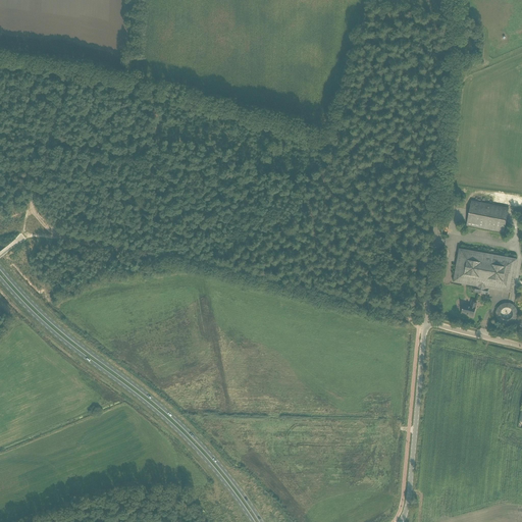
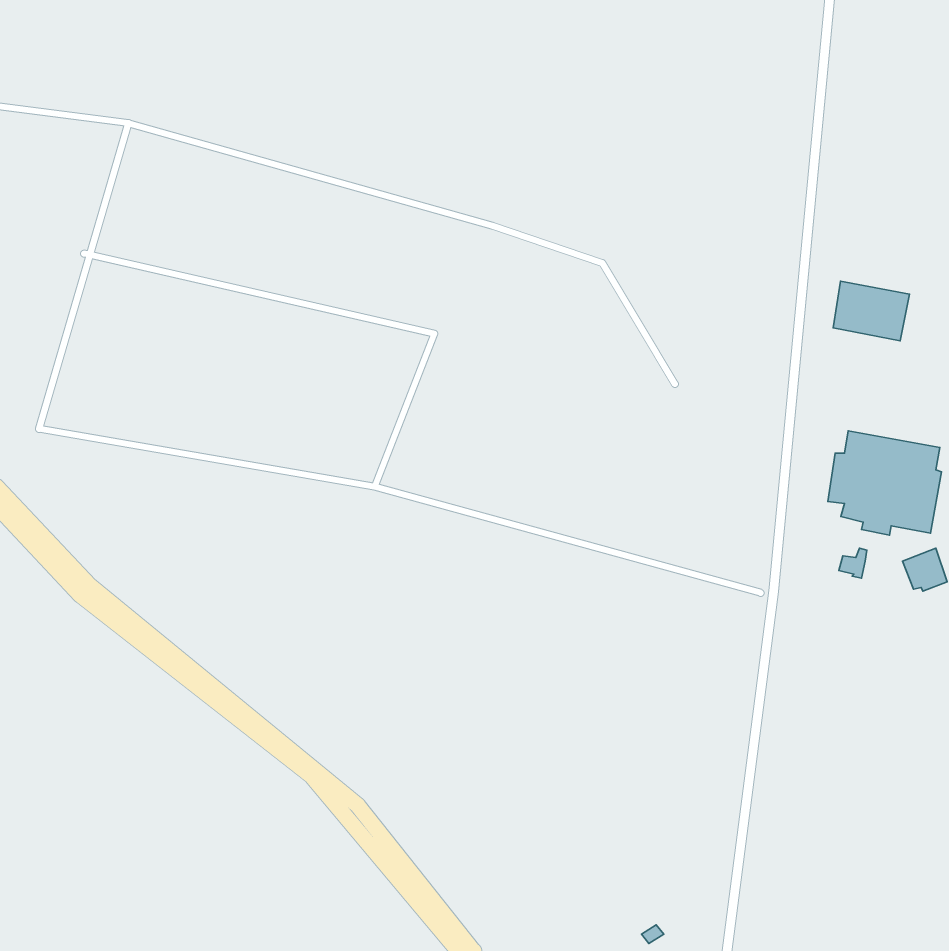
building: [465,200,507,232] -> [833,281,909,341]

